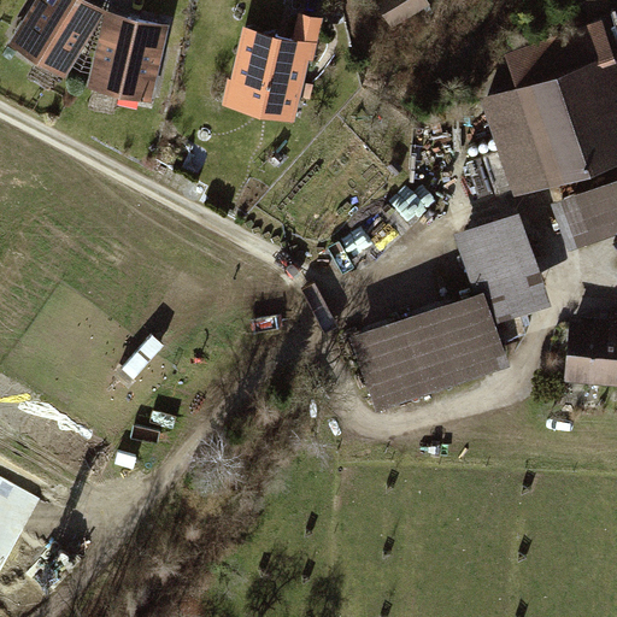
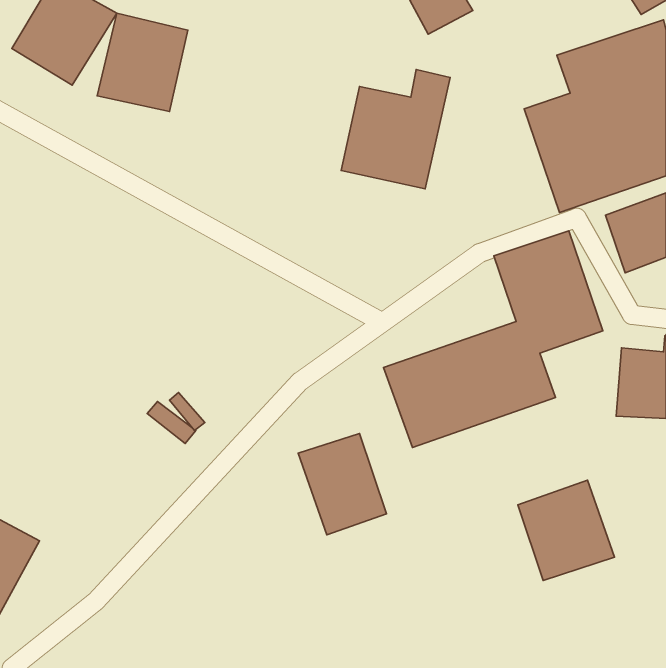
building: [225,13,325,123] -> [341,70,450,189]
building: none -> [298,433,386,535]
building: none -> [518,480,615,581]

